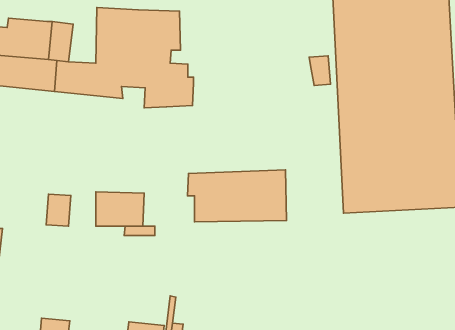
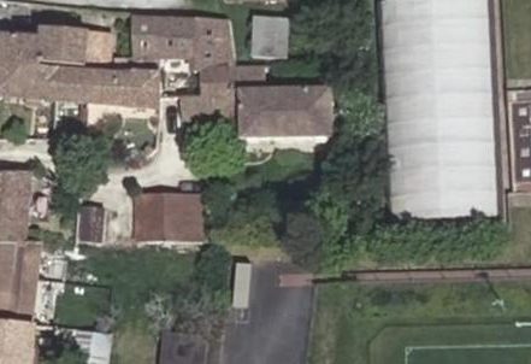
building: none -> [244,17,281,58]
building: [187,170,287,222] -> [232,86,334,139]

